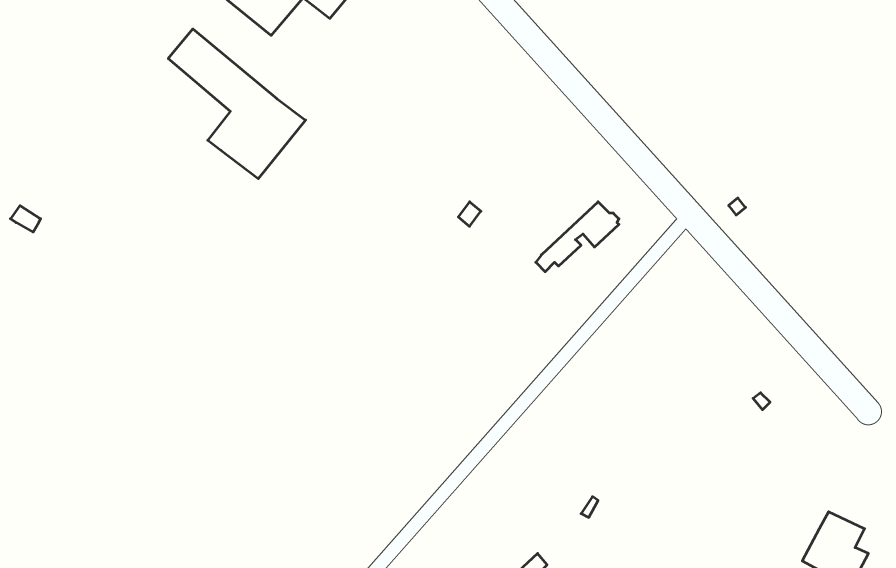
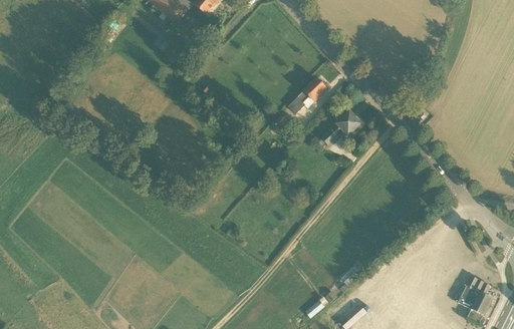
building: [168,29,306,179] -> none
building: none -> [290,77,328,112]

